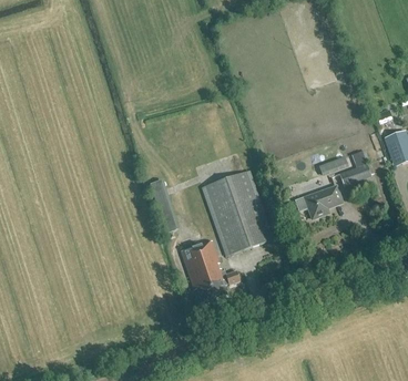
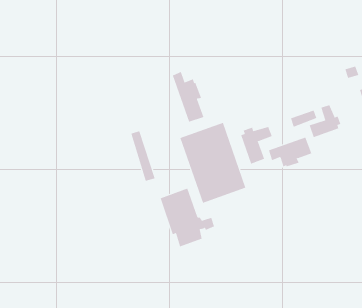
building: none -> [172,71,204,123]
building: none -> [241,126,272,164]

